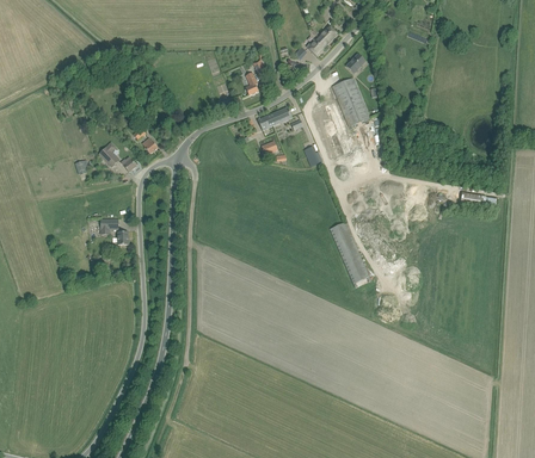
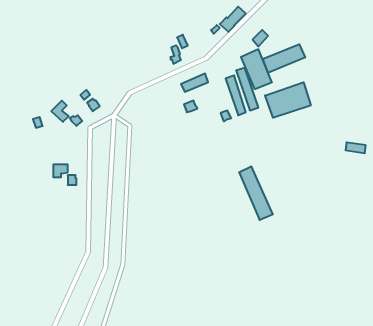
building: none -> [263,44,305,73]
building: none -> [265,82,311,118]

